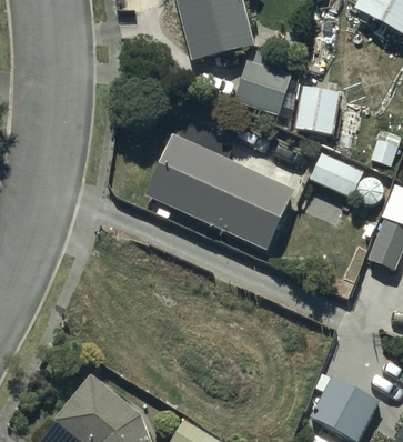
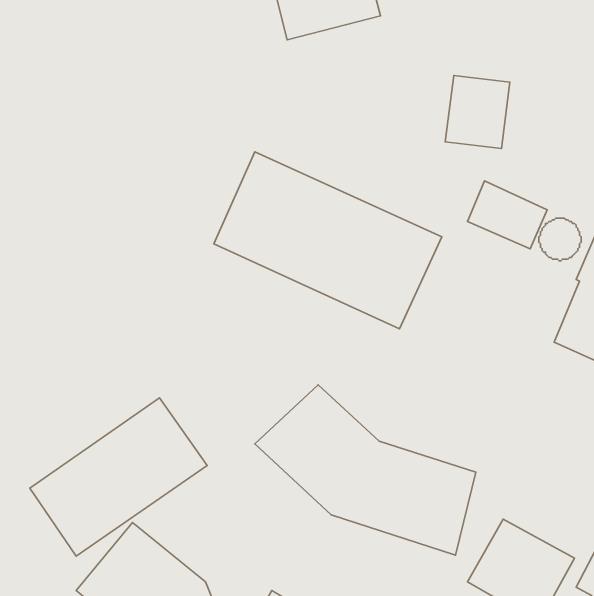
building: [233,59,291,113] -> none
building: none -> [255,385,476,555]
building: none -> [30,398,207,556]

